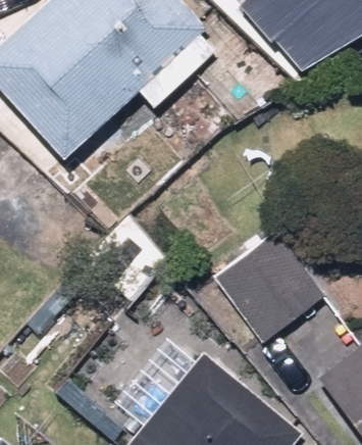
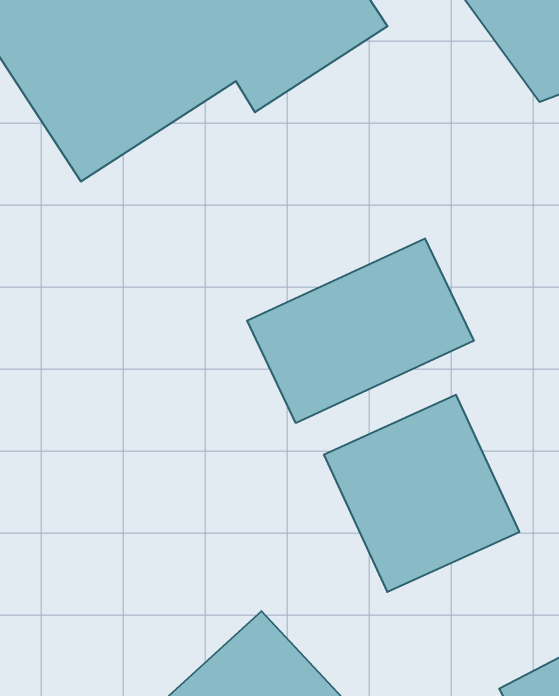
building: none -> [247,238,474,423]

